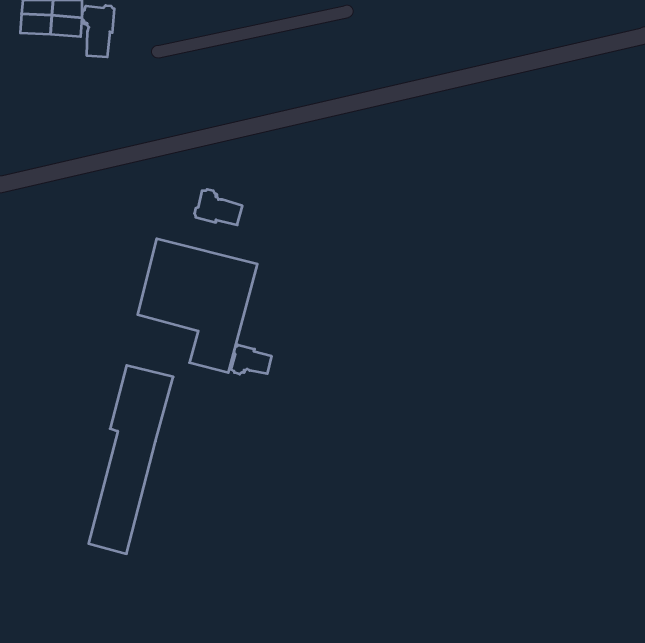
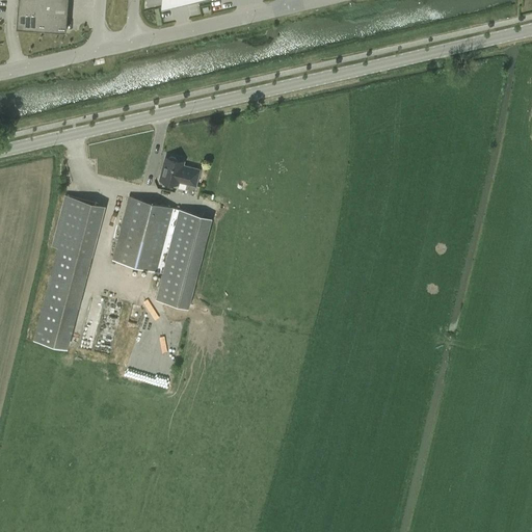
building: [82,5,114,57] -> none
building: [231,345,271,374] -> none
building: [89,365,173,554] -> [34,195,104,350]

